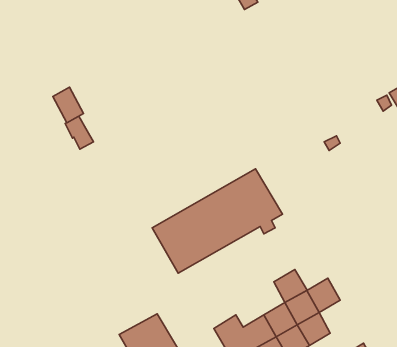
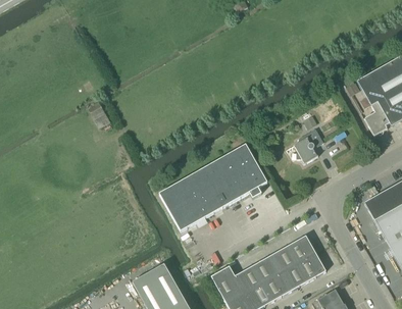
building: [53,87,84,123] -> none
building: none -> [293,127,321,163]
building: [274,269,307,303] -> [298,253,325,280]

